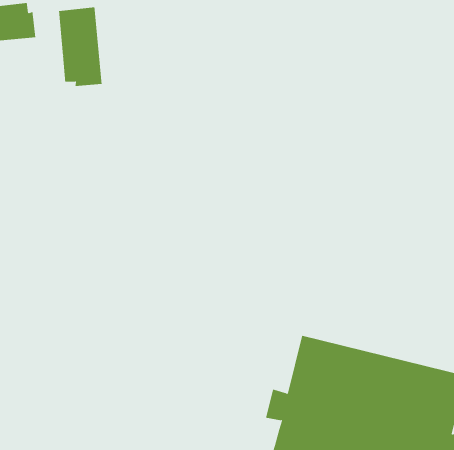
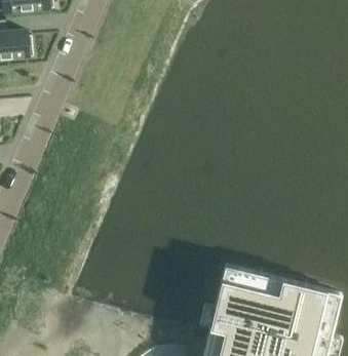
building: [58,7,102,87] -> none

